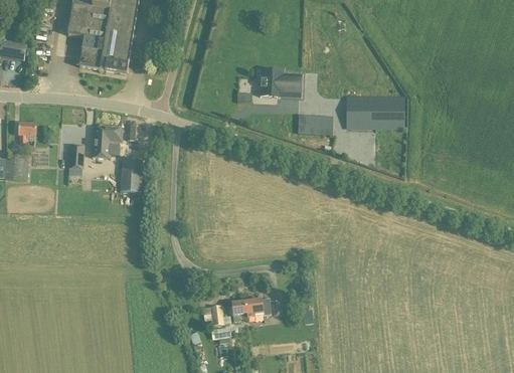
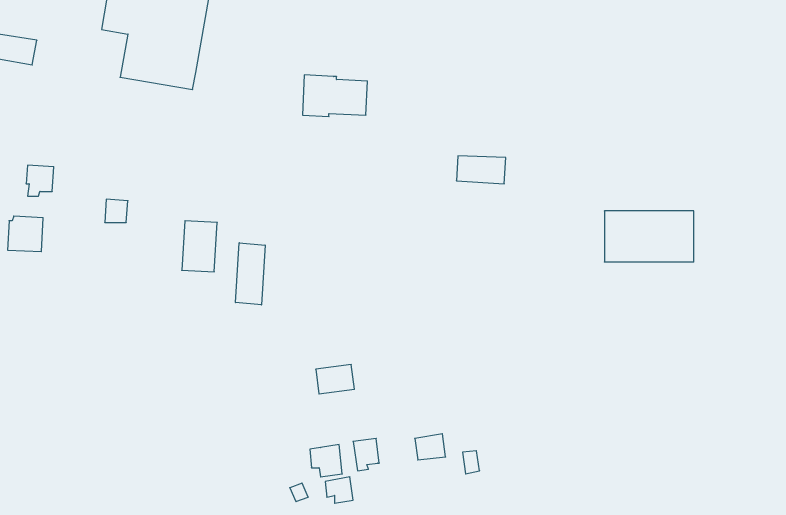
building: [259,69,301,97] -> [303,75,367,117]
building: [345,96,403,129] -> [604,211,694,262]
building: [91,127,122,158] -> none
building: none -> [236,243,265,305]
building: [245,298,271,317] -> [316,365,354,394]

